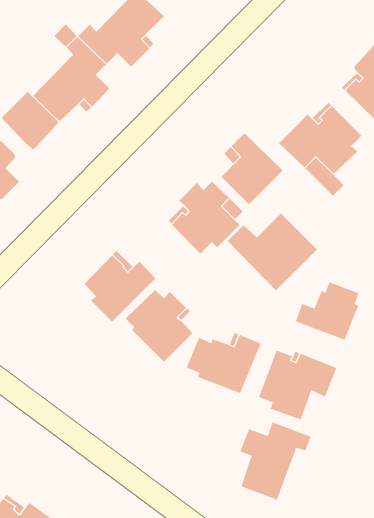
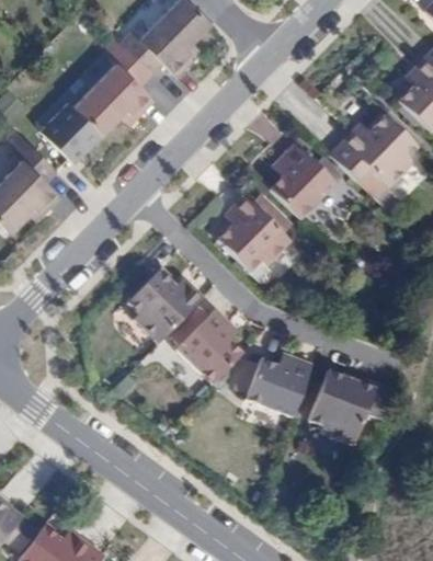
building: [227,213,318,291] -> none
building: [295,282,359,340] -> none
building: [240,421,311,501] -> none

